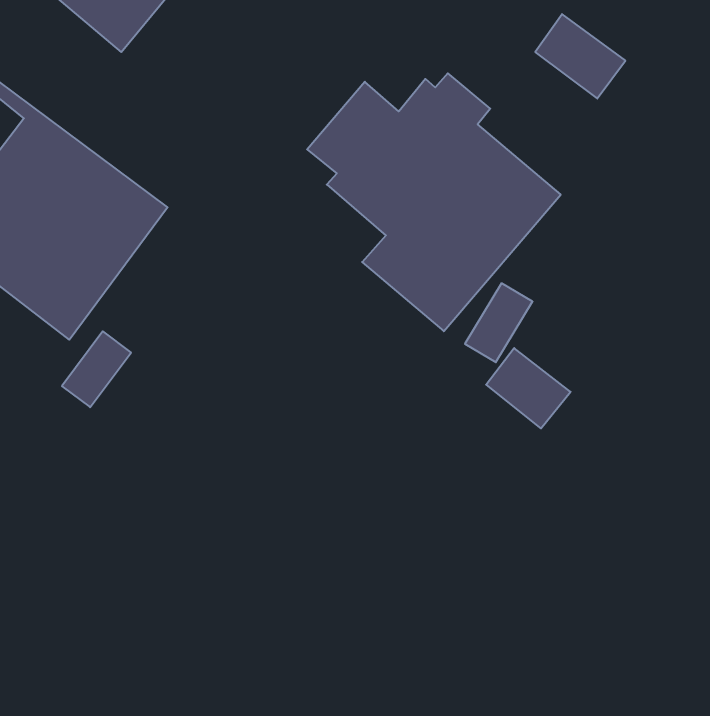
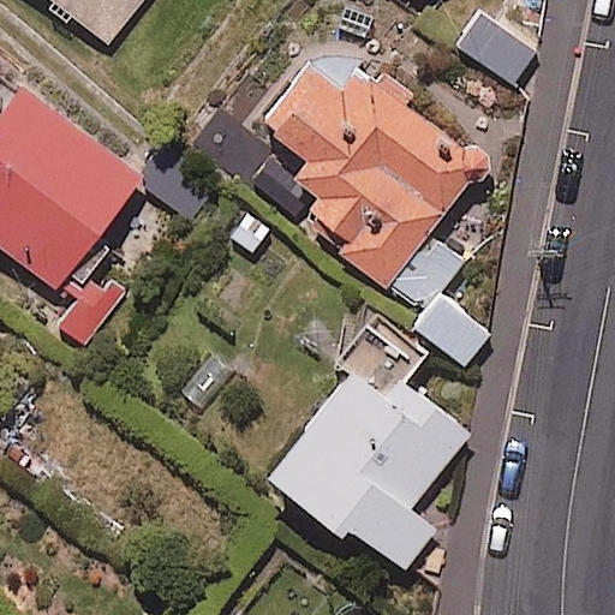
building: none -> [274,318,468,573]

